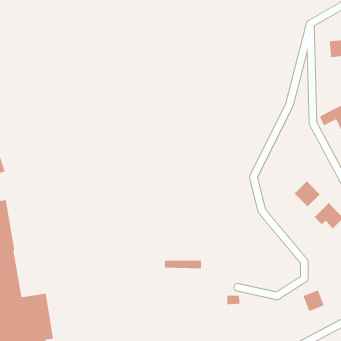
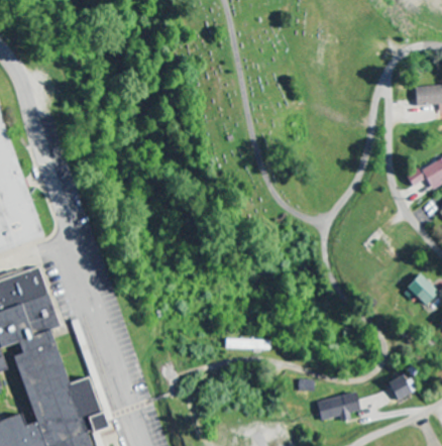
building: [294,181,320,207] -> none
building: none -> [315,393,358,421]

